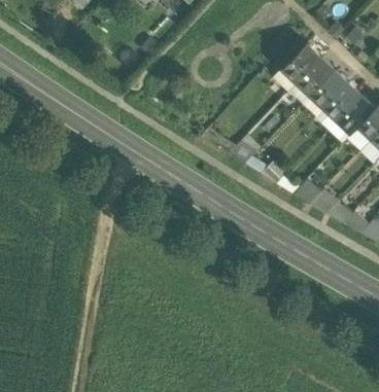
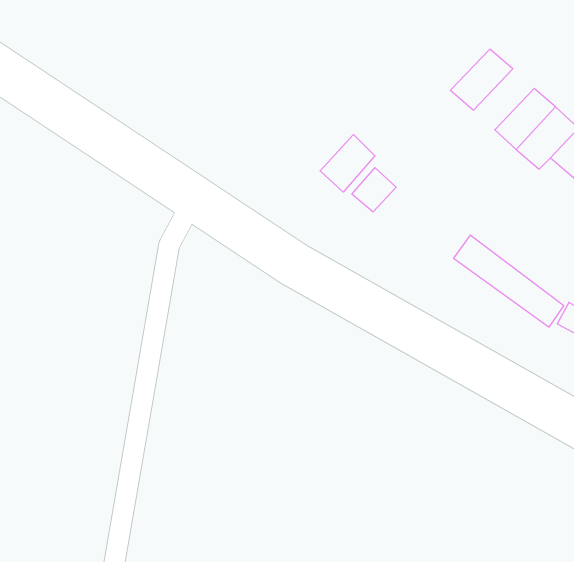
building: [280,46,318,85] -> none
building: [308,72,346,110] -> none
building: none -> [320,135,375,192]

